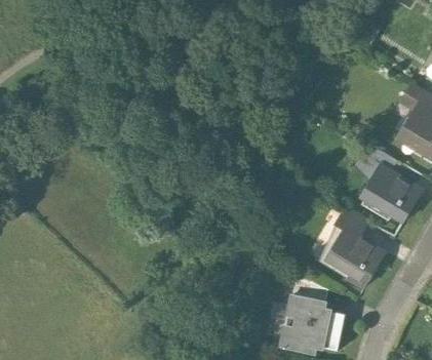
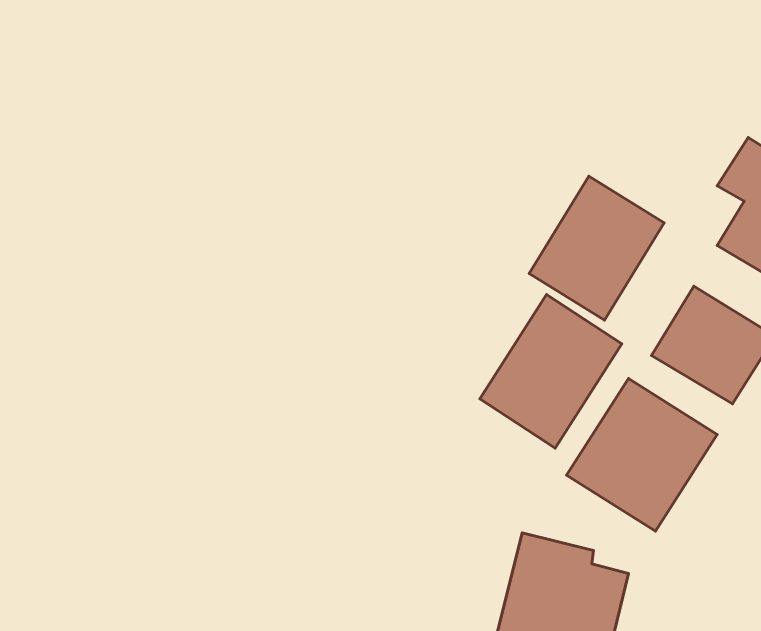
building: none -> [529,176,664,320]
building: none -> [480,295,622,448]

